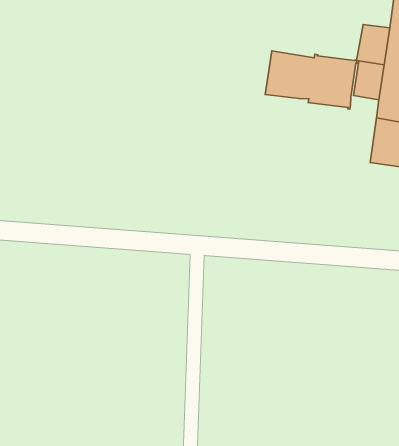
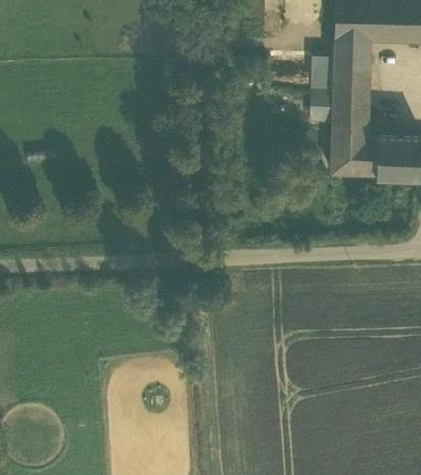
building: [265,51,357,109] -> none

